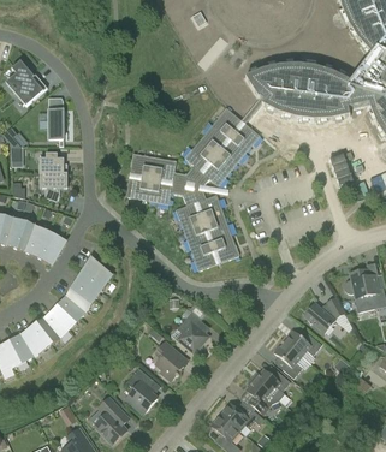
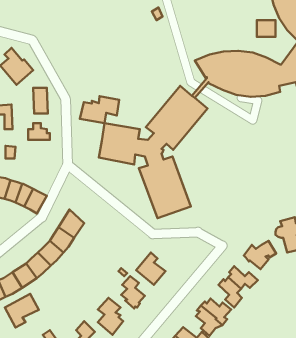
building: none -> [80,96,119,123]
building: [40,173,67,201] -> none
building: none -> [5,294,39,328]

